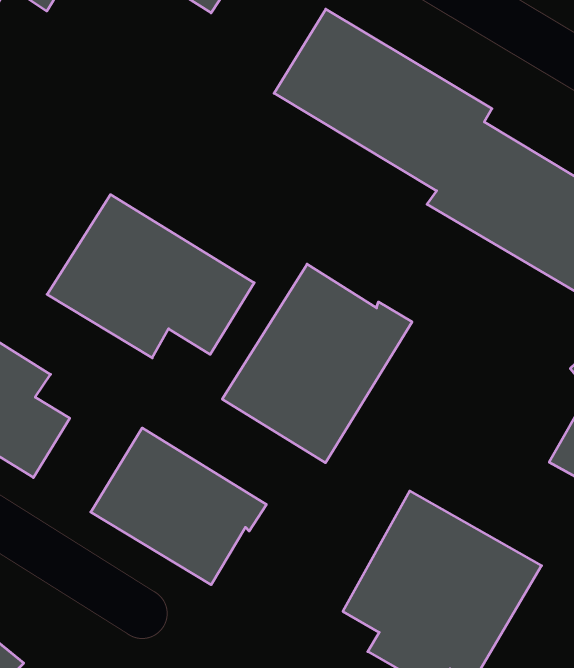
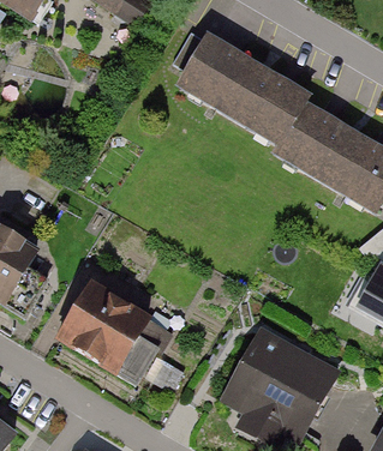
building: [47,195,254,358] -> none
building: [222,264,412,463] -> none

